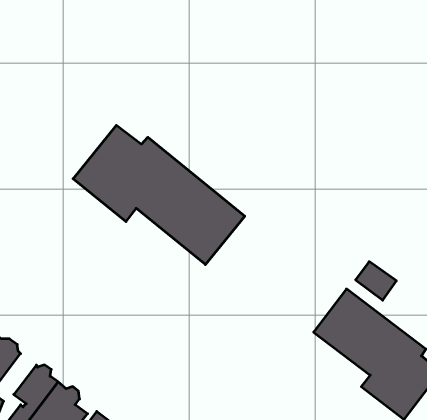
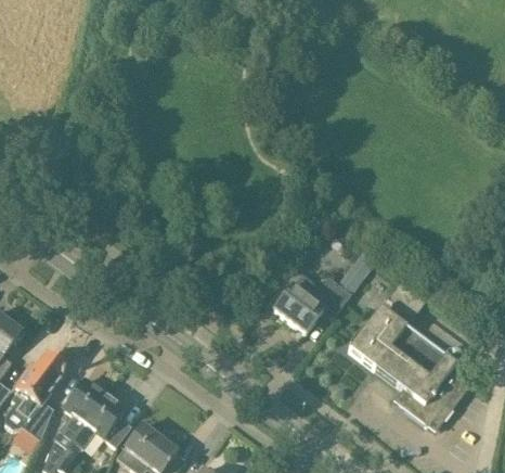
building: [73,125,245,265] -> none
building: none -> [274,254,376,332]

